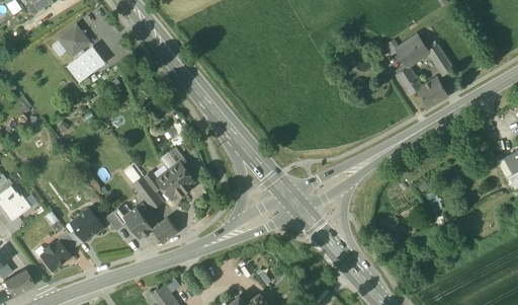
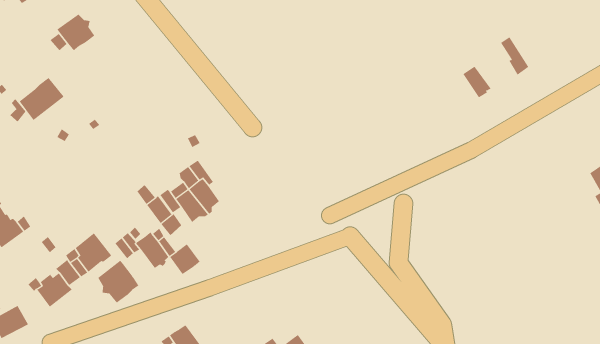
building: [397,36,428,65] -> none
building: [67,46,105,82] -> [19,77,65,121]
building: [418,78,447,105] -> none
building: none -> [98,260,139,304]

